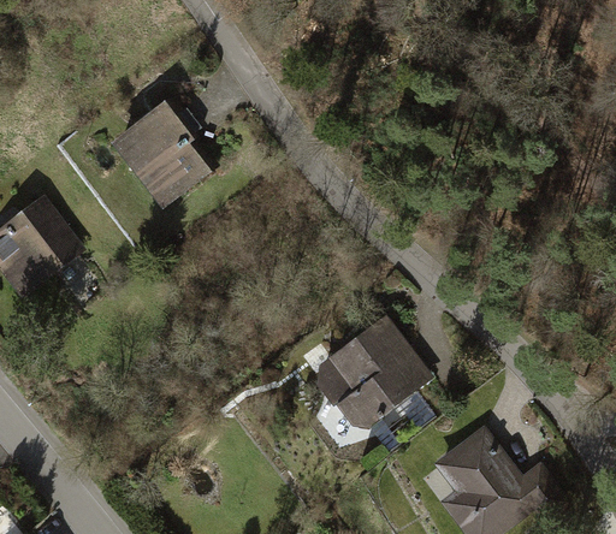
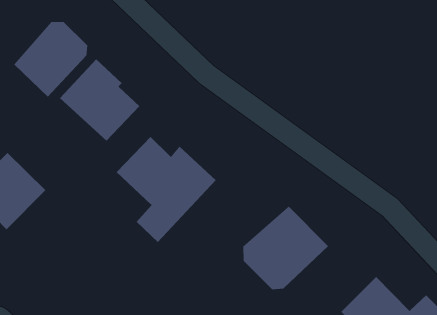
building: none -> [14,21,88,98]
building: none -> [116,136,216,243]

